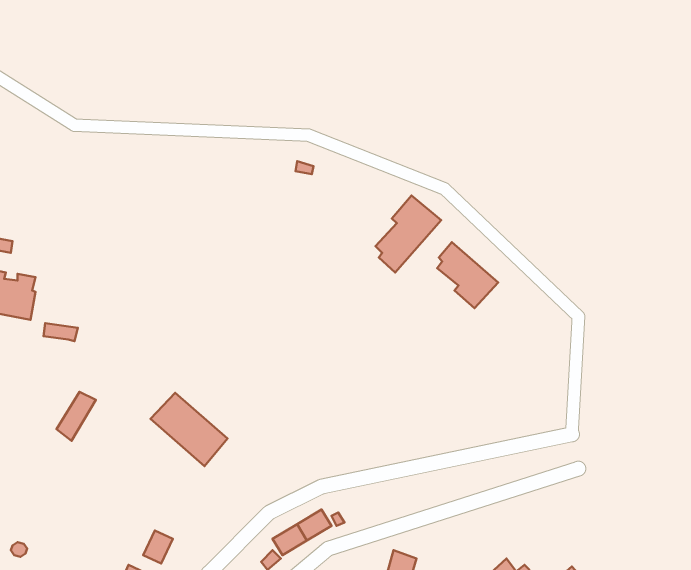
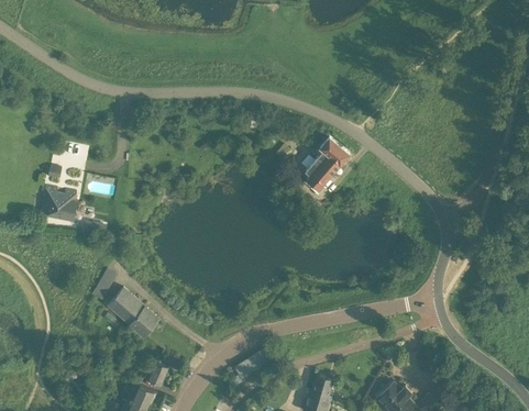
building: [437,242,498,308] -> none
building: [151,393,228,466] -> [108,288,159,337]

